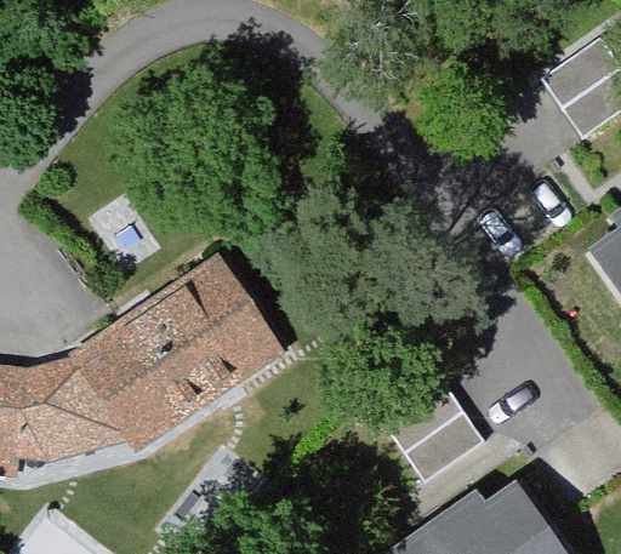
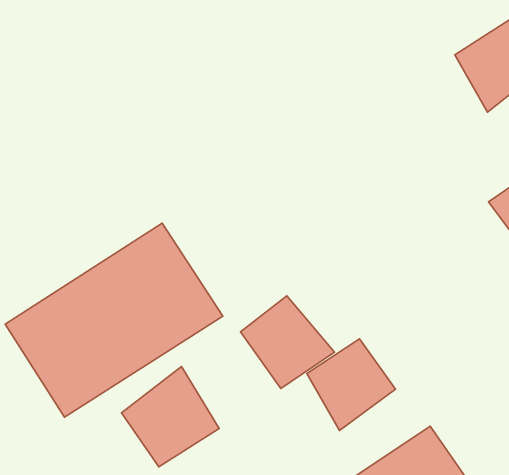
building: none -> [240,296,335,388]
building: none -> [121,367,219,467]

